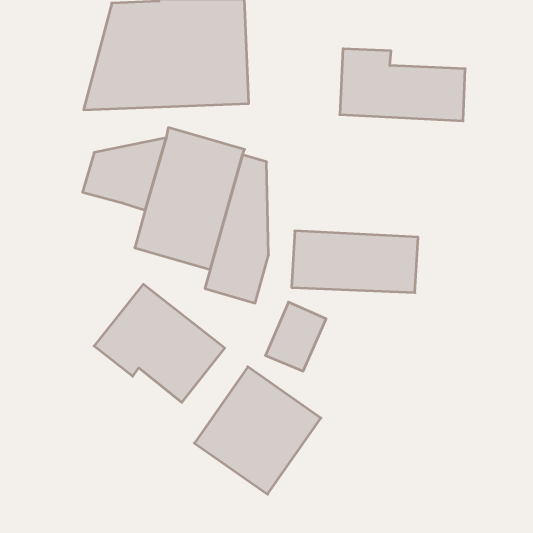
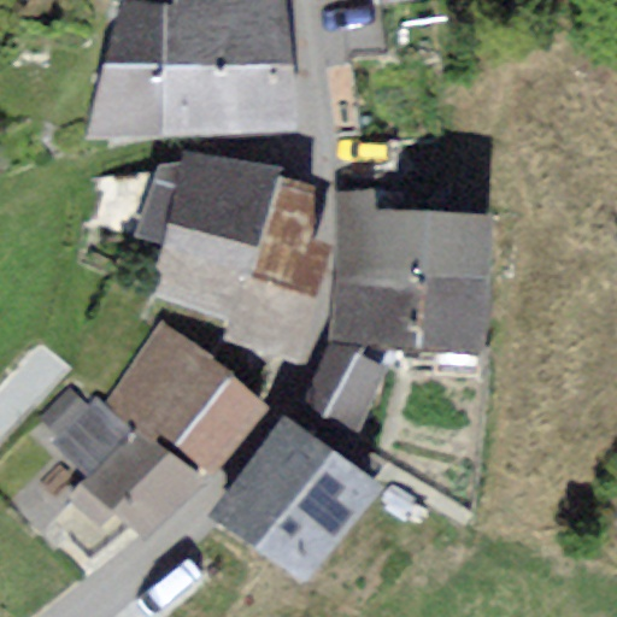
building: [340,49,465,121] -> [340,190,484,274]
building: none -> [45,393,190,528]

